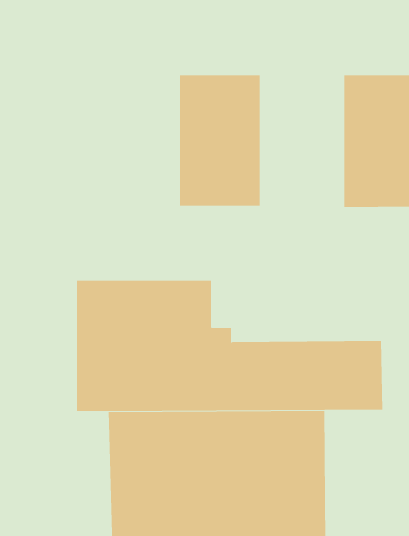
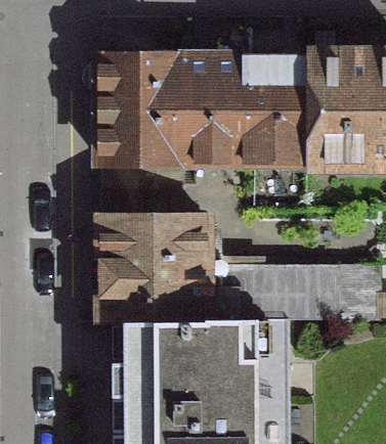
building: none -> [89,56,175,162]
building: none -> [239,59,303,163]

